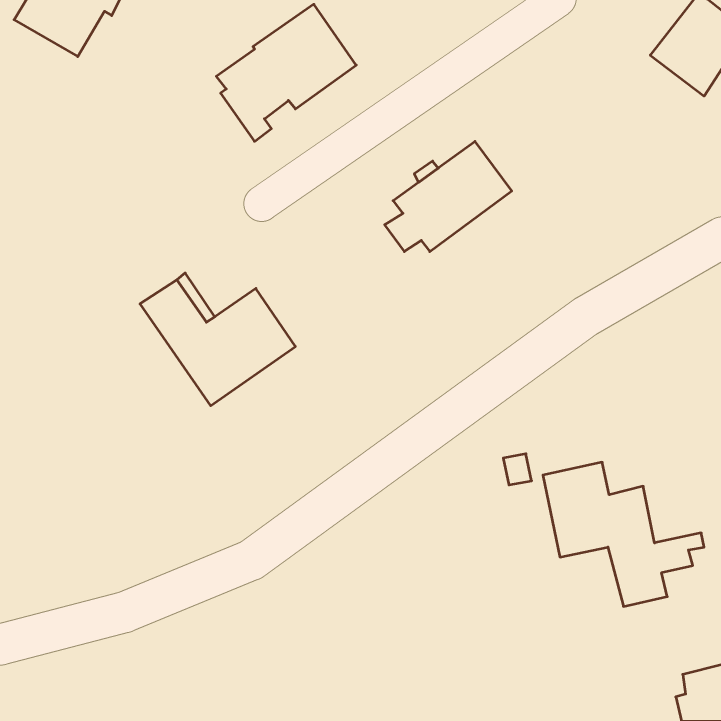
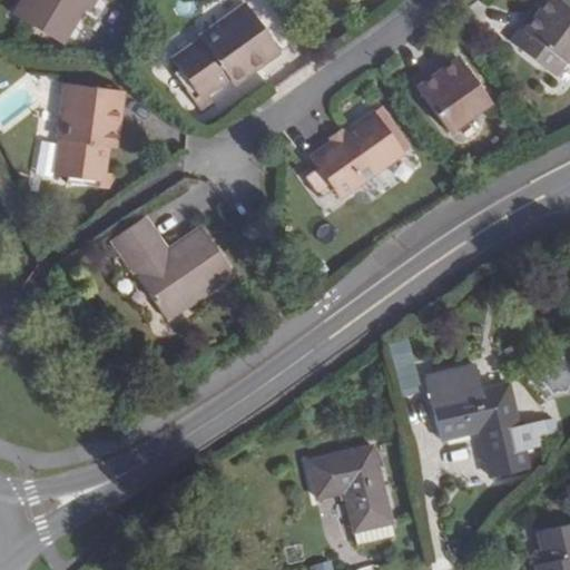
building: none -> [412,56,491,132]
building: none -> [55,83,124,189]
building: none -> [309,446,389,530]

